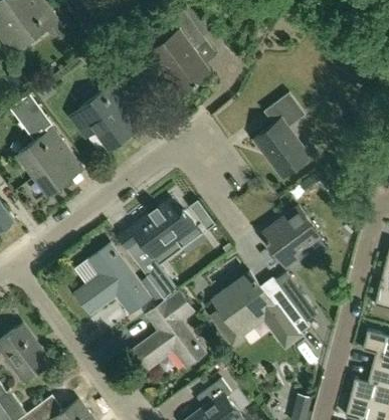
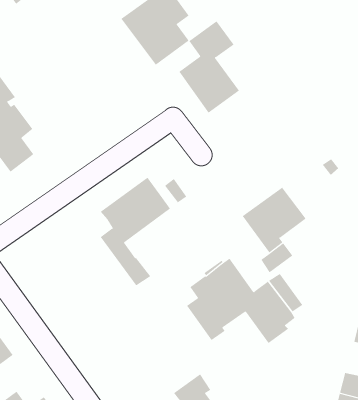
building: [70,85,132,148] -> none
building: [255,92,312,178] -> [179,21,240,113]
building: [75,245,148,312] -> none
building: [134,290,204,369] -> none

